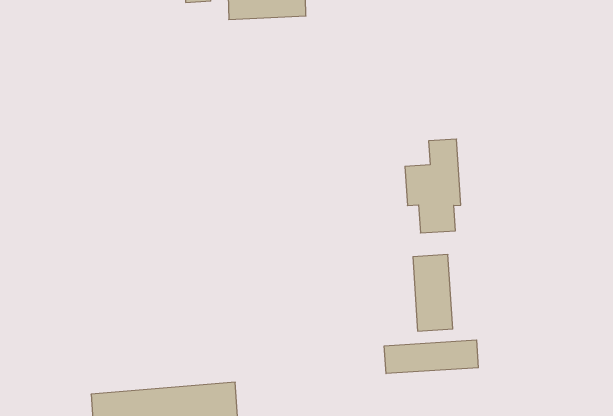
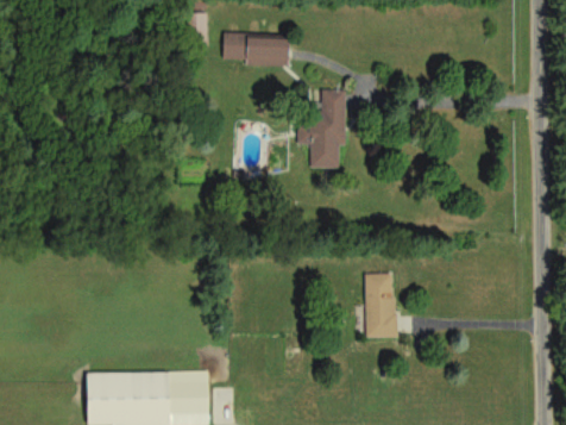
building: [405,139,461,233] -> [300,90,345,168]
building: [384,340,478,374] -> none

